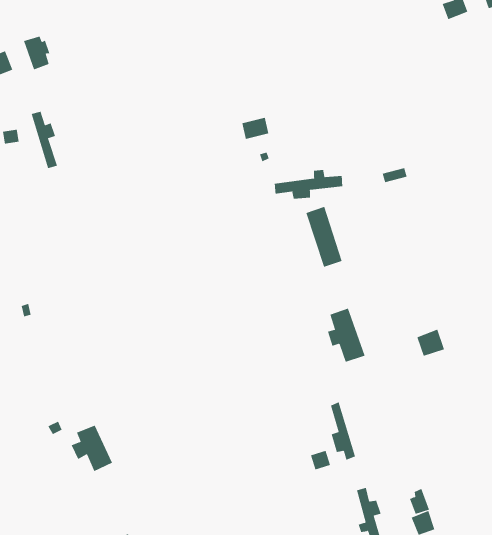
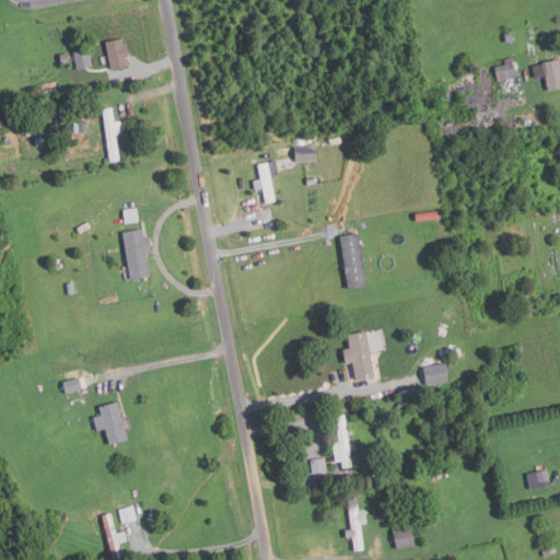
building: none -> [252,161,277,205]
building: [274,169,343,199] -> none
building: none -> [121,230,150,280]

